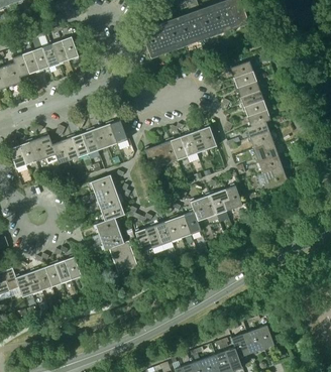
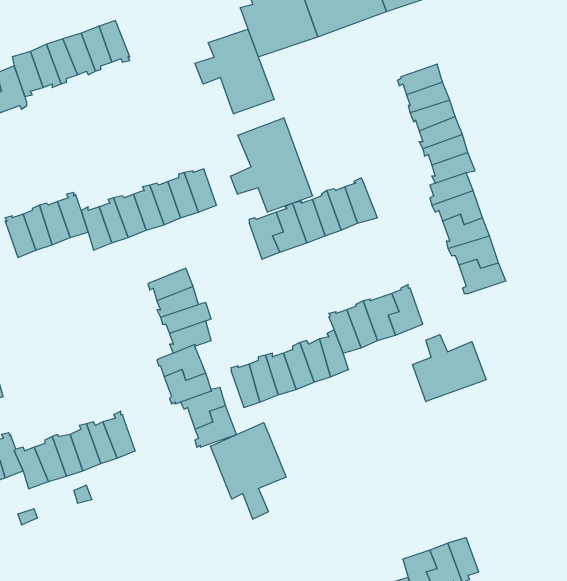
building: none -> [195,29,274,114]
building: none -> [230,118,312,212]
building: none -> [413,335,486,402]
building: none -> [211,423,286,519]

